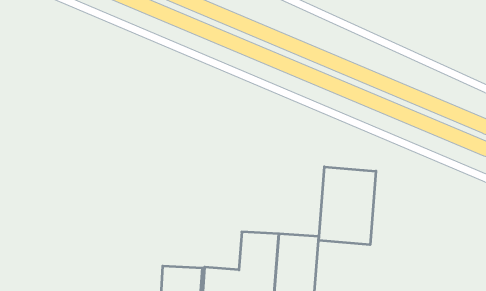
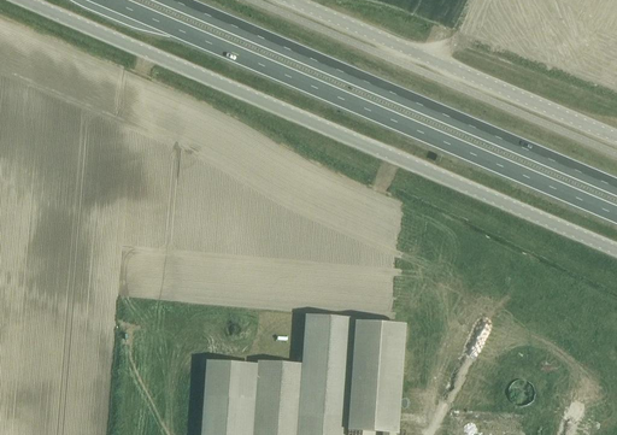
building: [319,167,376,245] -> none

